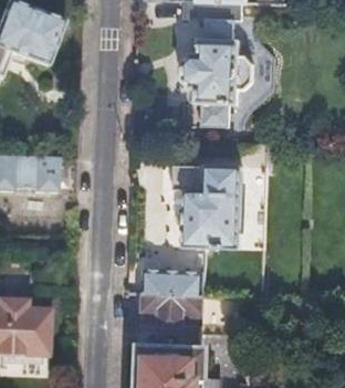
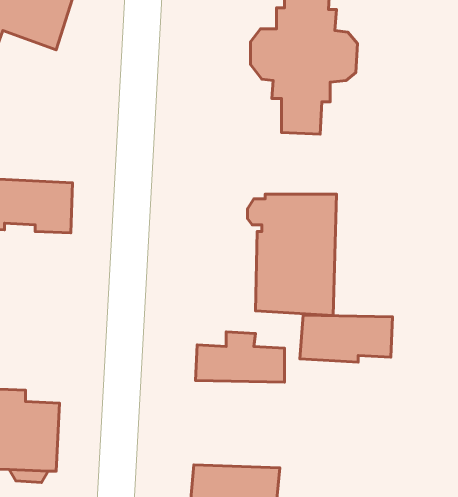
building: [142,292,205,324] -> [300,315,392,362]

